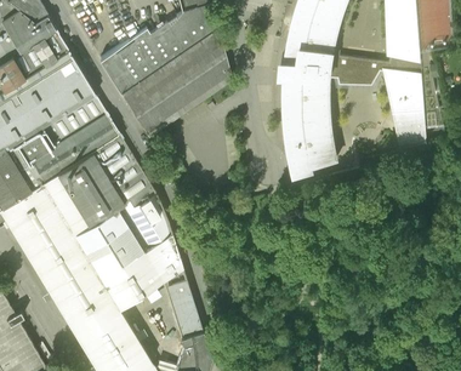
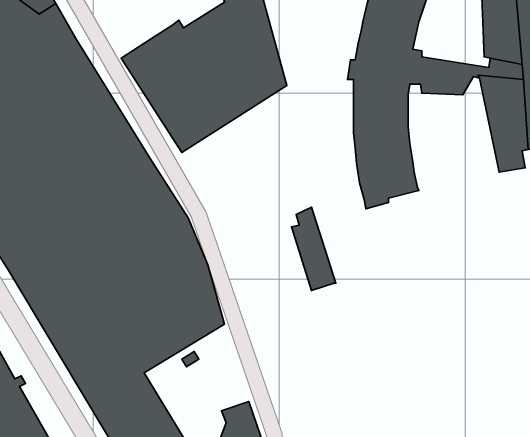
building: [167,272,203,338] -> [292,207,336,291]

